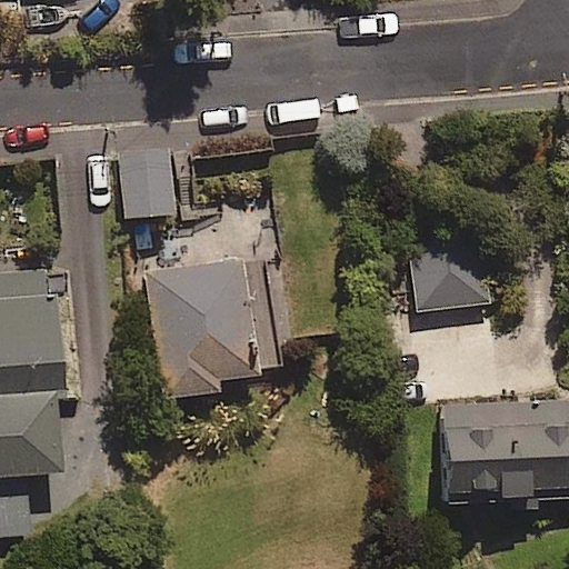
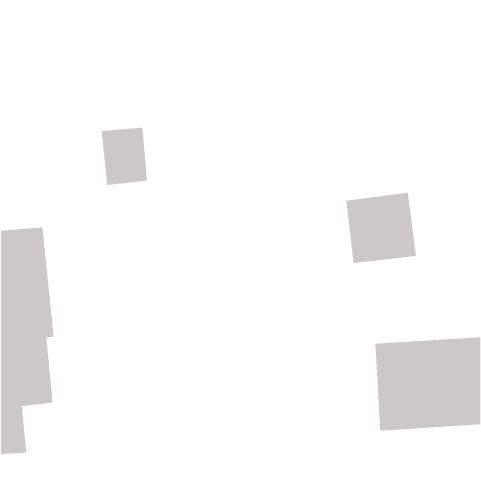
building: [148,257,280,400] -> none

